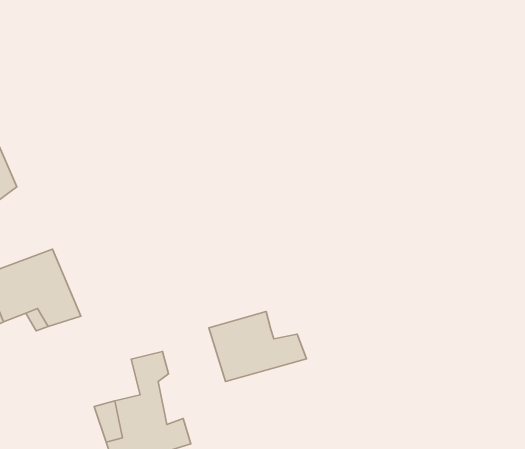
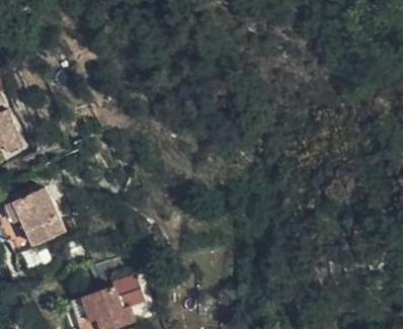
building: [209,312,307,381] -> none

